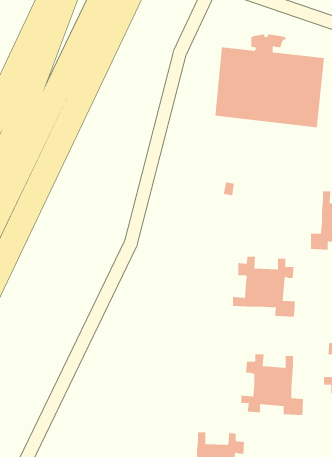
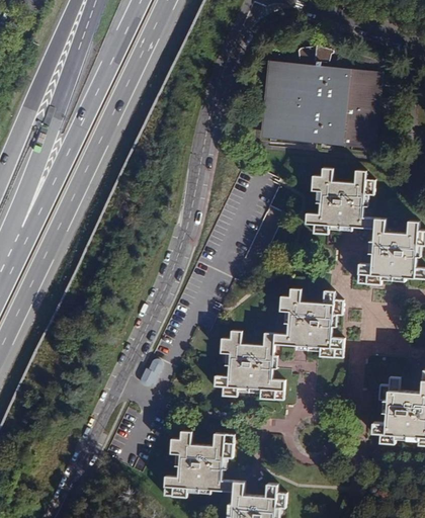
building: none -> [303,168,372,235]
building: [241,353,304,416] -> [215,332,284,401]
building: none -> [165,433,235,499]

